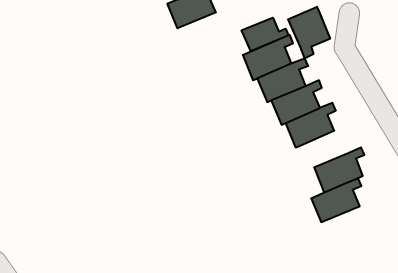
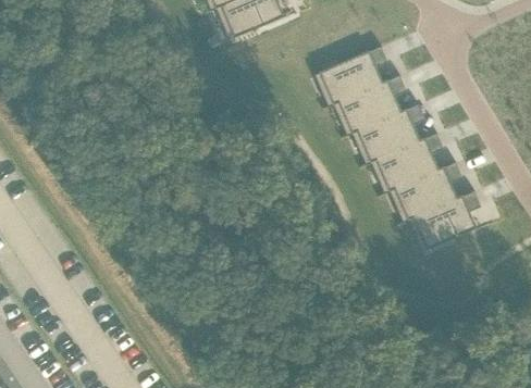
building: [288,7,330,58] -> none
building: [242,18,289,51] -> none
building: [311,178,361,222] -> [393,164,458,221]

